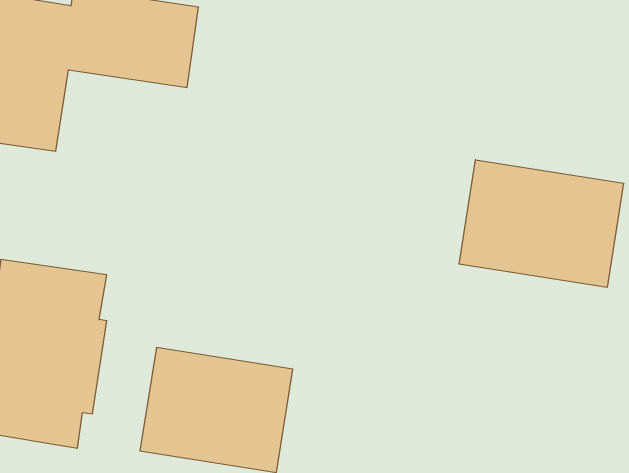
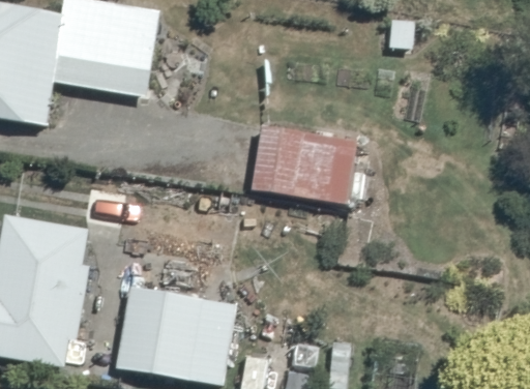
building: none -> [243,123,354,204]
building: [459,160,623,287] -> none

